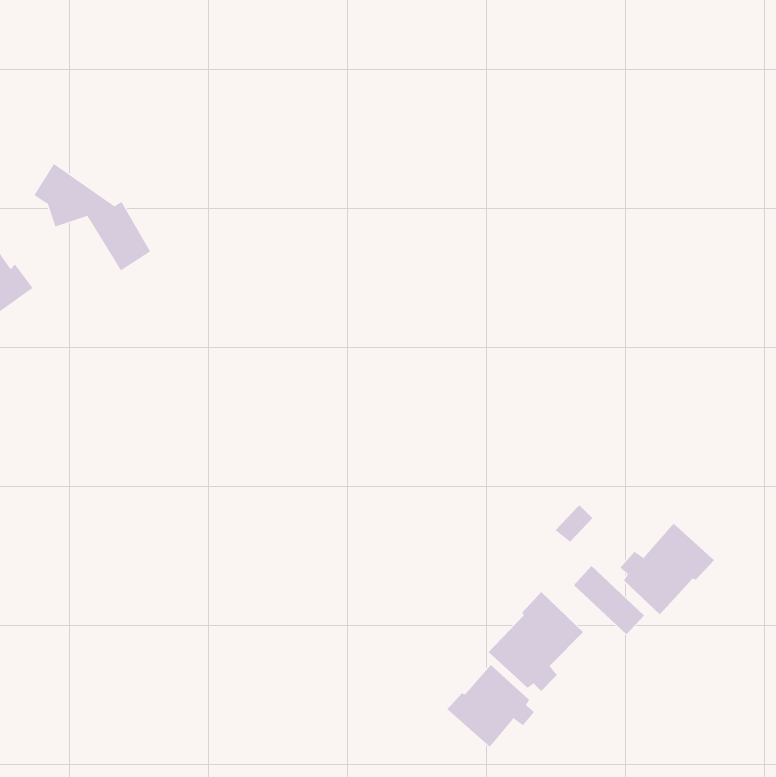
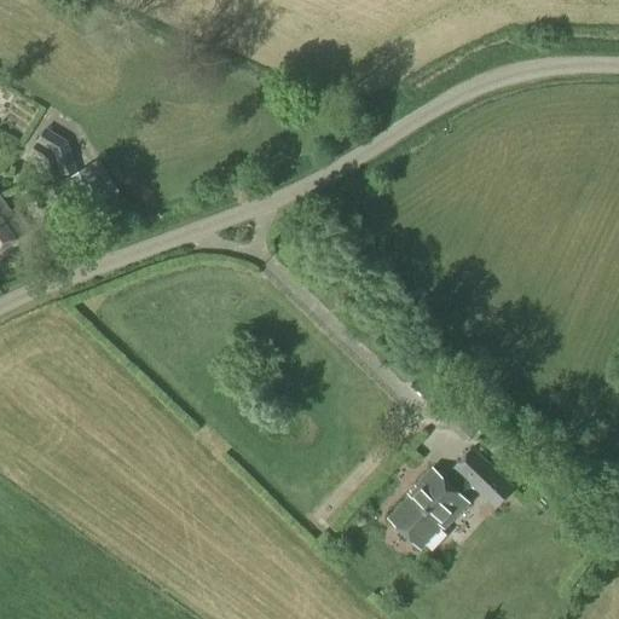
building: [620,523,715,615] -> none
building: [446,664,535,748] -> none

